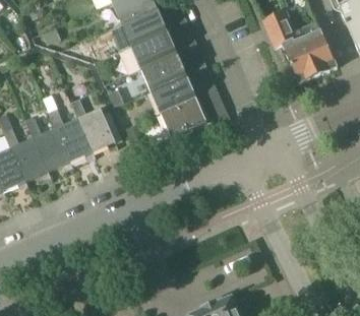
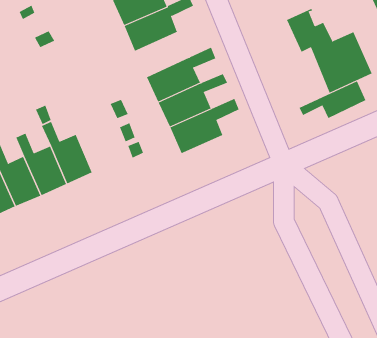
building: [129,20,191,69] -> none
building: none -> [299,81,366,119]
building: [70,99,116,152] -> none

